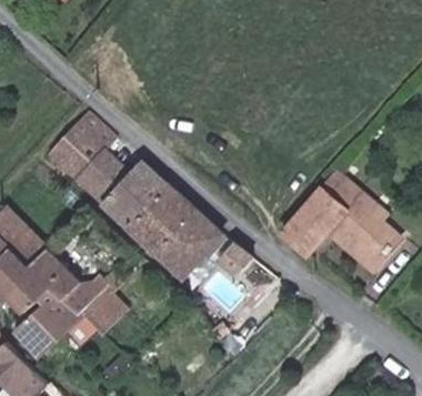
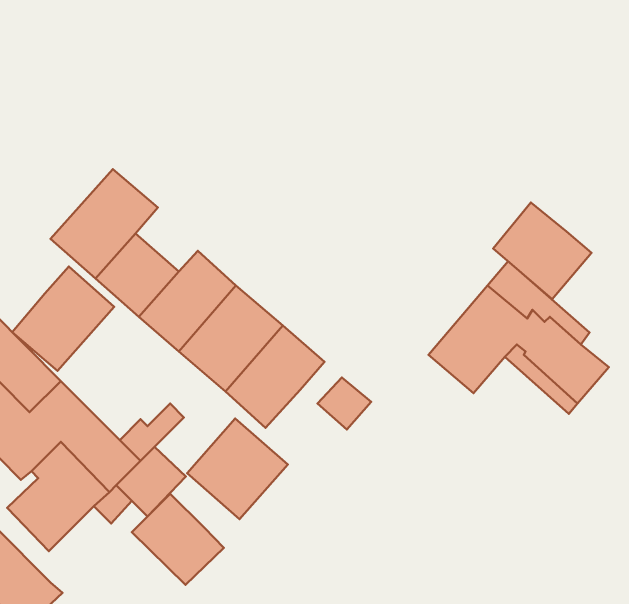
building: none -> [493,203,592,299]
building: none -> [12,266,114,371]
building: none -> [187,418,288,519]
building: none -> [132,494,224,585]

